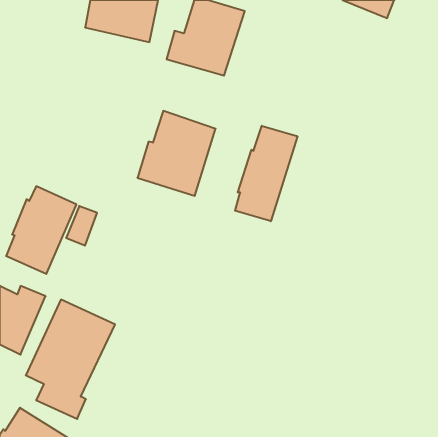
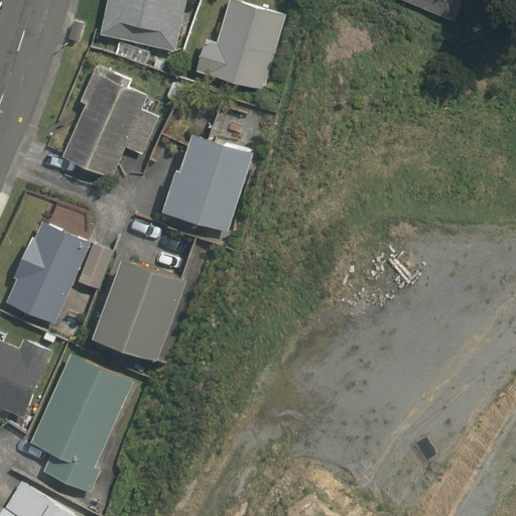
building: none -> [61,64,159,178]
building: [235,126,297,221] -> none
building: none -> [93,258,180,359]

